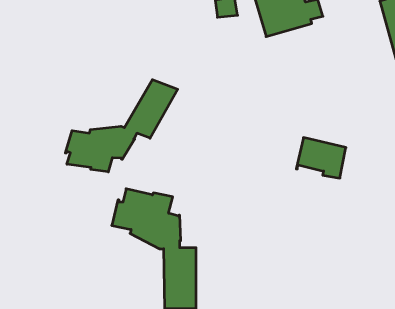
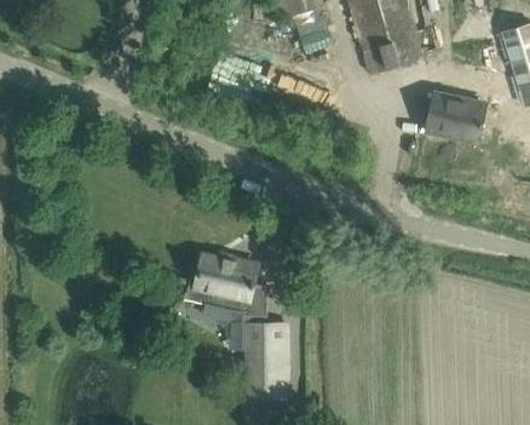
building: [65,80,178,172] -> none
building: [296,138,346,178] -> [426,92,485,140]

